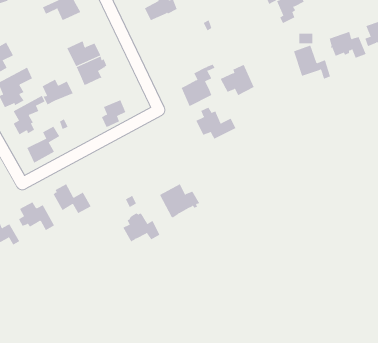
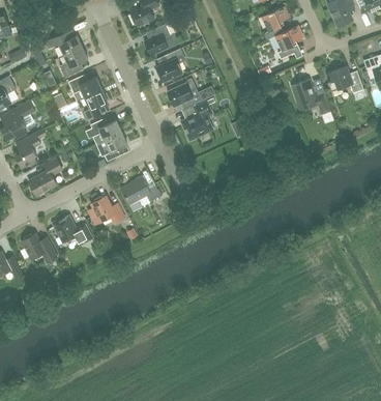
building: none -> [59,47,88,78]
building: none -> [156,49,183,82]
building: [220,64,255,96] -> [167,78,201,109]
building: [42,79,73,105] -> [91,118,122,144]
building: [195,107,236,140] -> none
building: [159,183,200,218] -> [121,176,162,210]
building: [122,213,160,242] -> [87,196,124,225]

